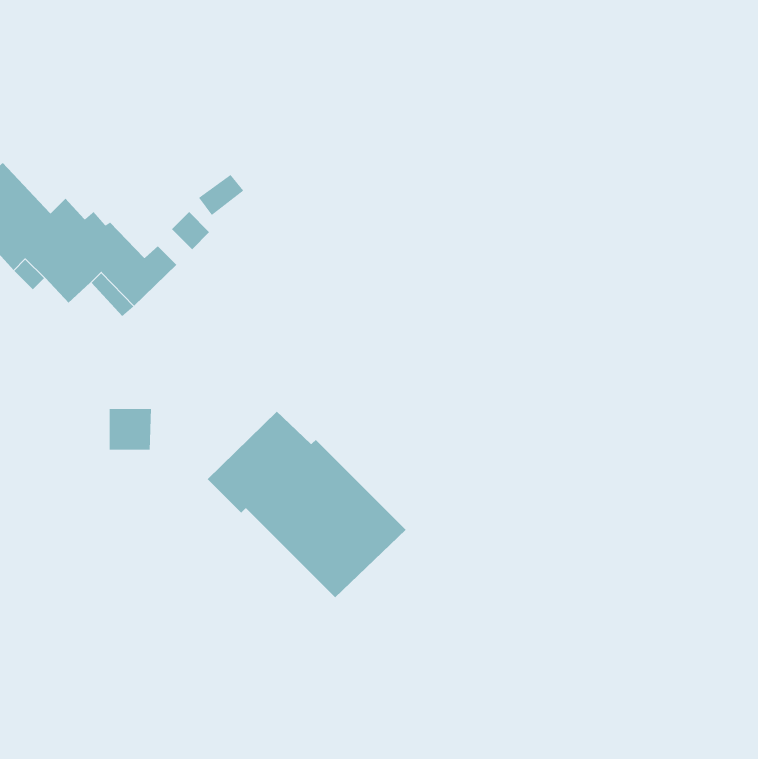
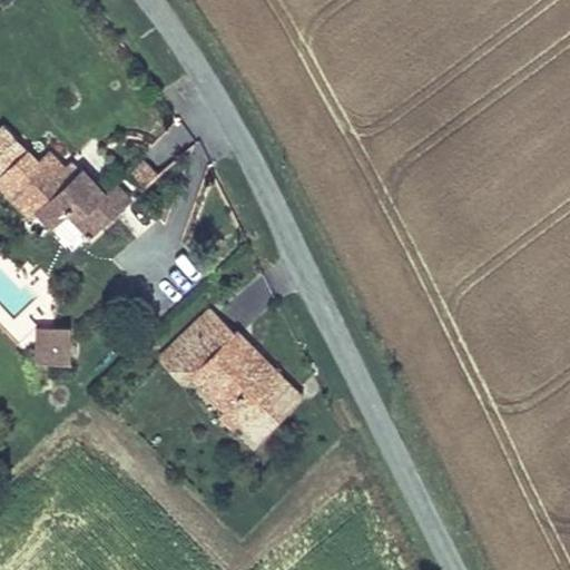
building: [109,409,152,450] -> [36,328,68,360]

